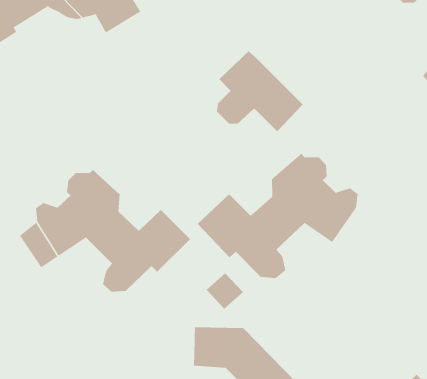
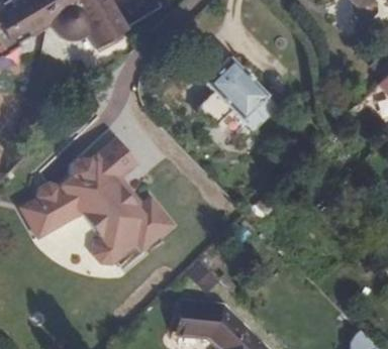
building: none -> [88,137,137,186]
building: [197,153,358,279] -> none

